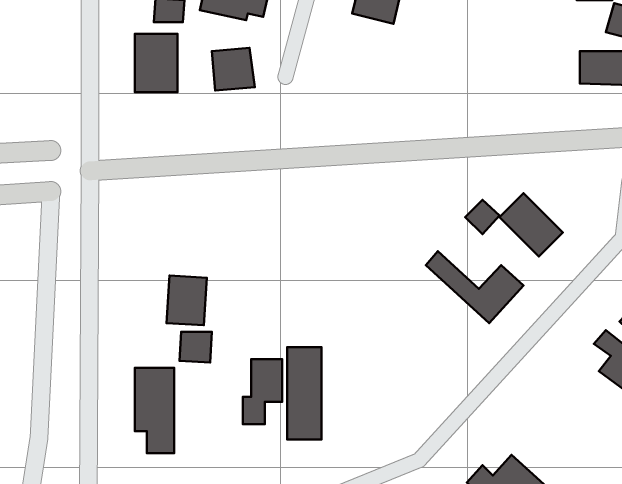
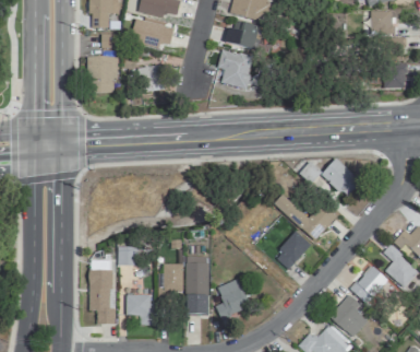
building: none -> [215,49,254,89]
building: [166,276,207,325] -> none
building: none -> [275,231,312,269]
building: none -> [351,265,387,302]
building: none -> [216,279,252,318]
building: none -> [127,294,155,324]
building: none -> [329,294,369,337]

